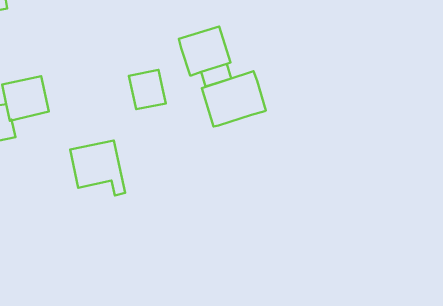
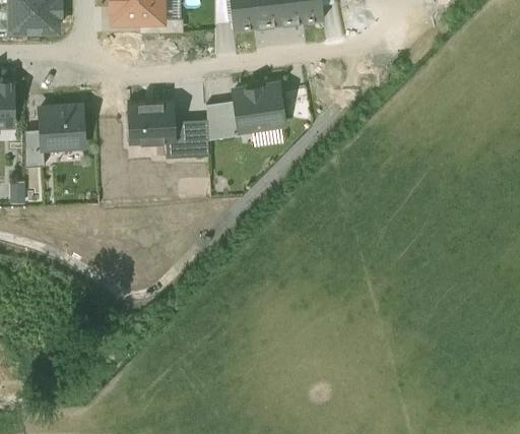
building: none -> [206,100,242,139]
building: [202,71,266,127] -> none
building: [70,141,125,195] -> [126,100,177,158]

